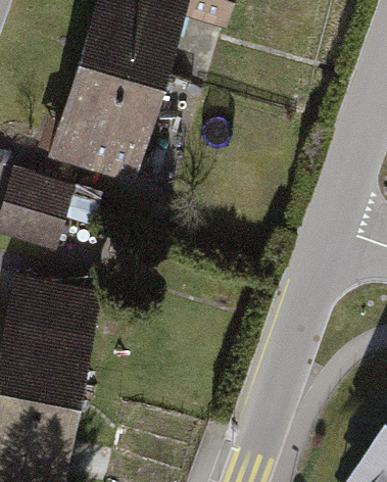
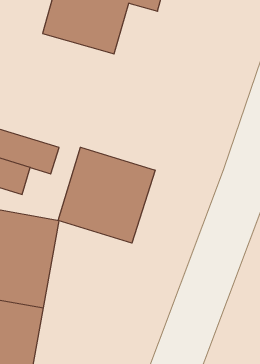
building: [50,52,171,184] -> none
building: none -> [58,147,155,243]

